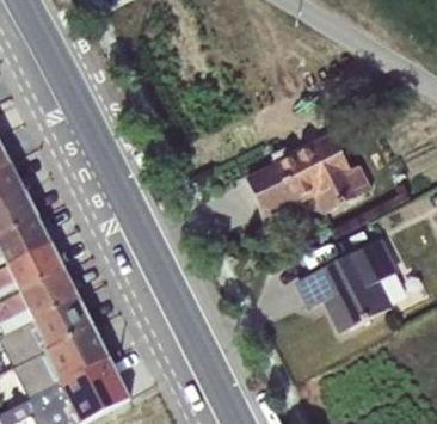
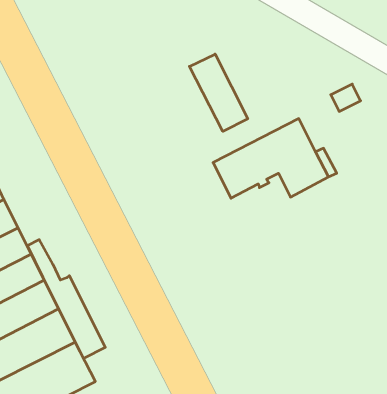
building: none -> [189,54,248,131]
building: [296,238,406,332] -> none
building: none -> [27,240,105,358]

